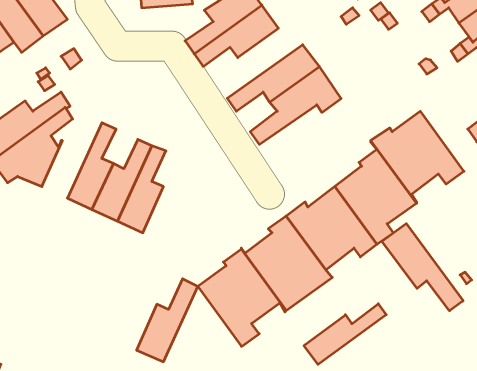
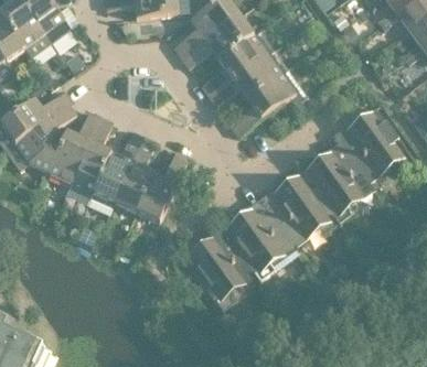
building: none -> [201,29,274,95]
building: none -> [49,110,100,181]
building: [382,224,463,311] -> none
building: [137,279,198,362] -> [136,149,189,220]
building: [304,304,386,364] -> none

